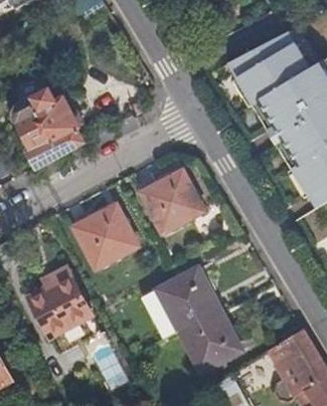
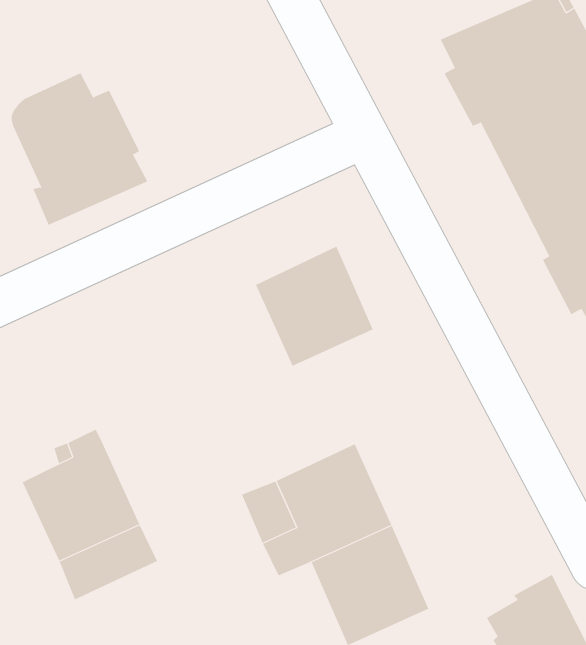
building: [73,202,138,264] -> none

